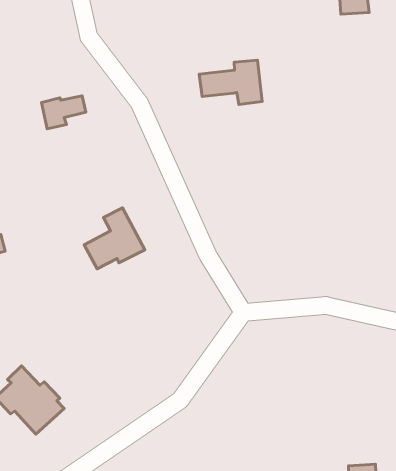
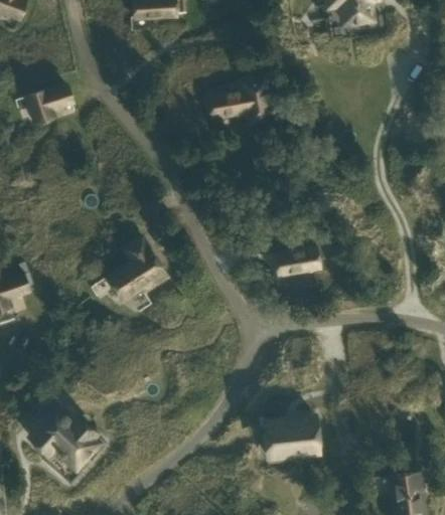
building: [41,96,86,129] -> [28,88,73,124]
building: none -> [275,247,321,277]
building: none -> [265,416,320,459]

